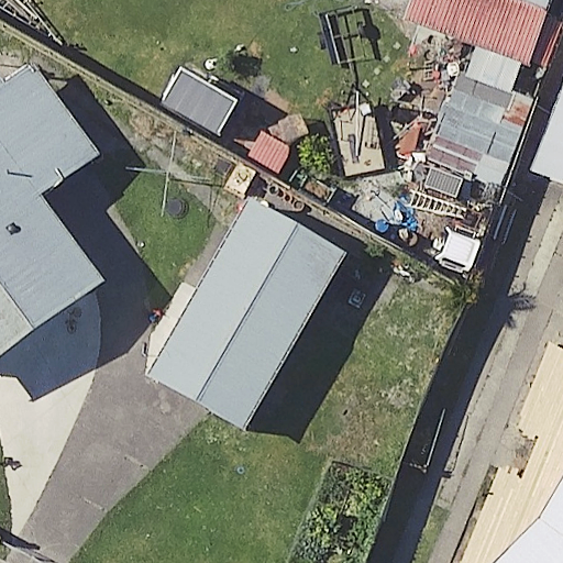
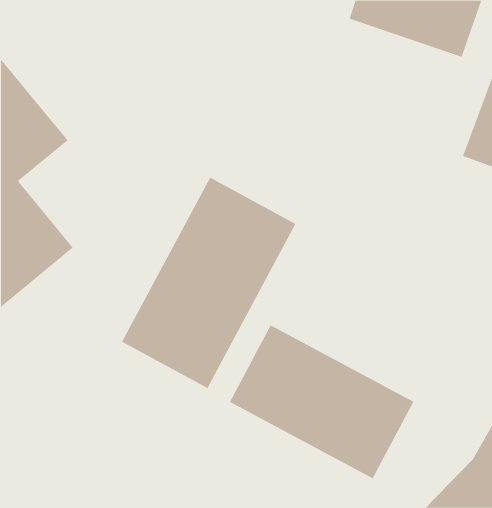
building: none -> [229,325,414,479]

